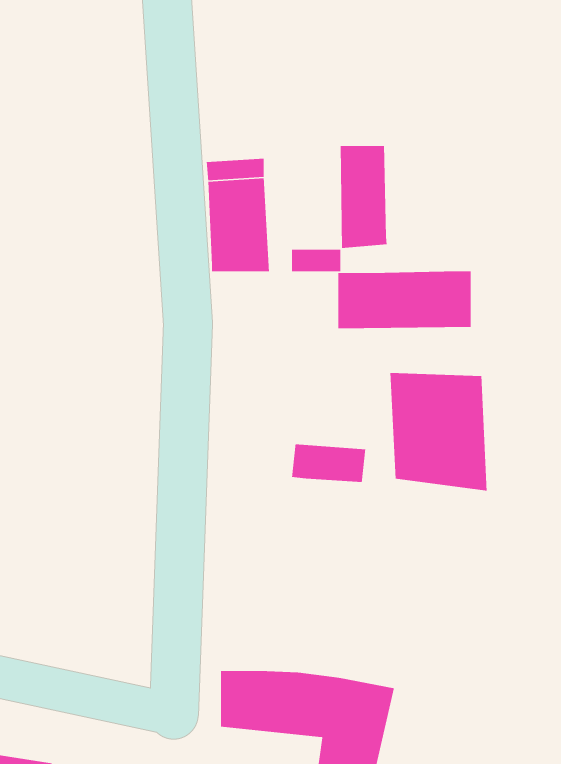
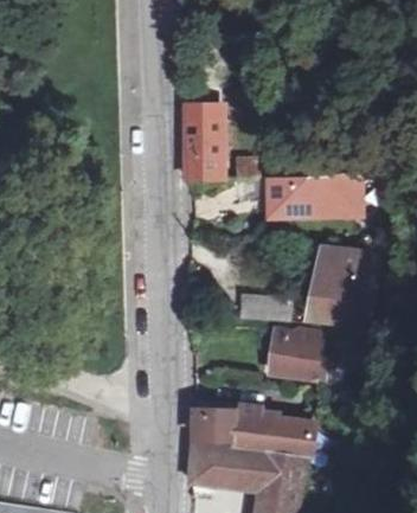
building: [340,145,387,249] -> none
building: none -> [269,339,342,383]
building: none -> [190,415,322,461]

